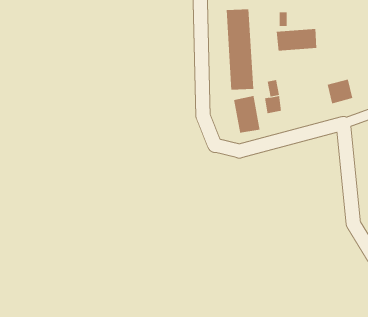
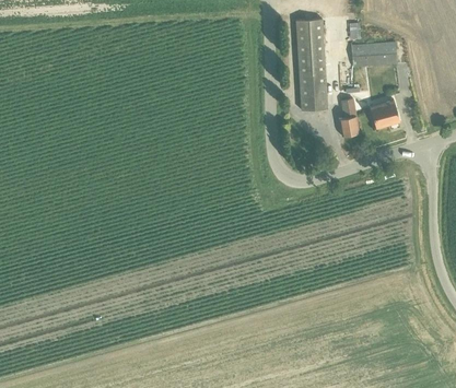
building: [327,79,353,104] -> [369,99,398,128]
building: [233,95,260,134] -> none

